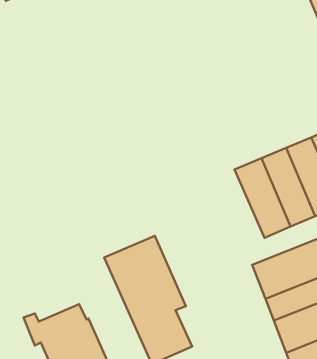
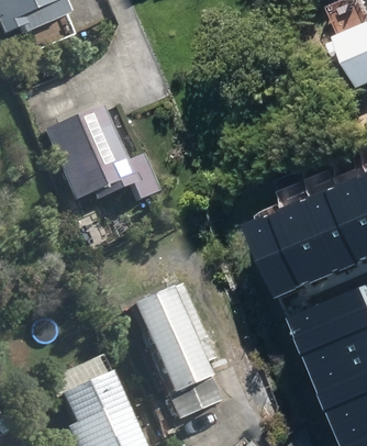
building: none -> [44,104,159,201]
building: none -> [241,213,299,297]

